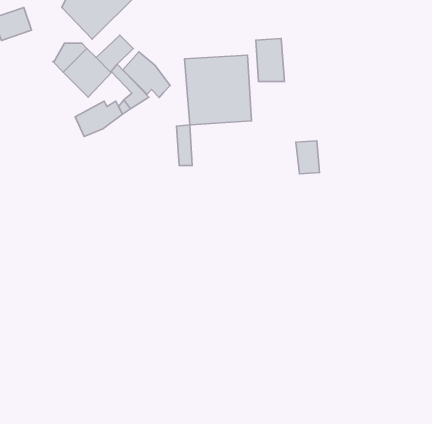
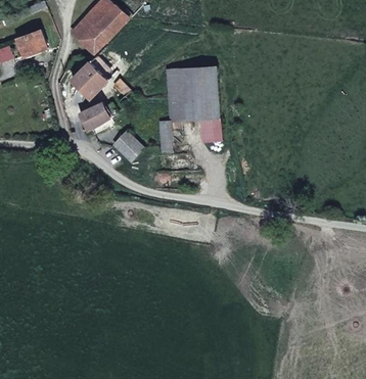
building: [256,39,284,82] -> none
building: [123,52,170,97] -> none
building: none -> [116,133,143,161]
building: [296,141,319,174] -> [201,117,220,143]

